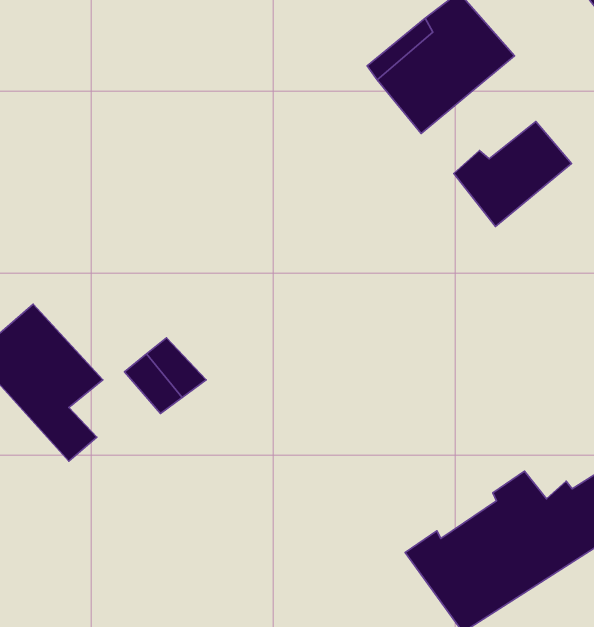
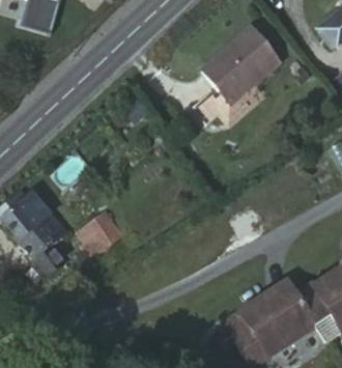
building: [454,122,571,227] -> none

